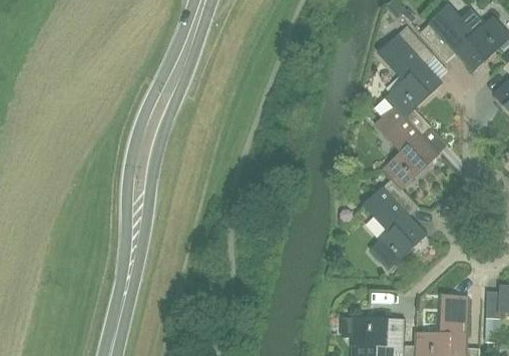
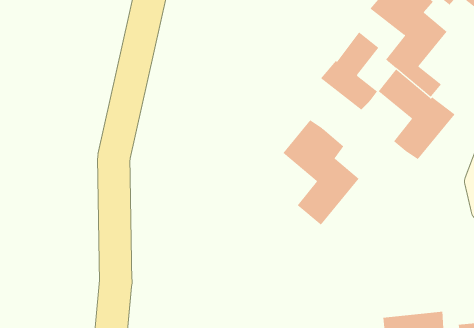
building: none -> [320,32,379,111]
building: [364,179,426,270] -> [283,119,359,225]

